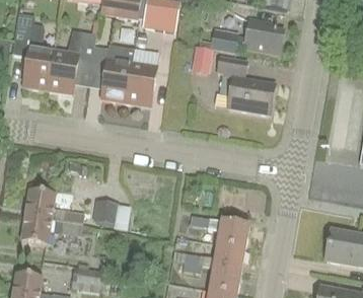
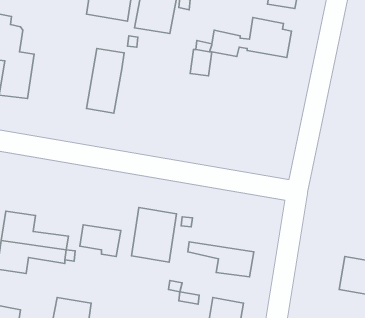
building: [49,30,96,93] -> none
building: [126,52,159,106] -> none
building: [218,56,275,115] -> none
building: none -> [131,207,177,262]
building: [214,244,246,272] -> none

